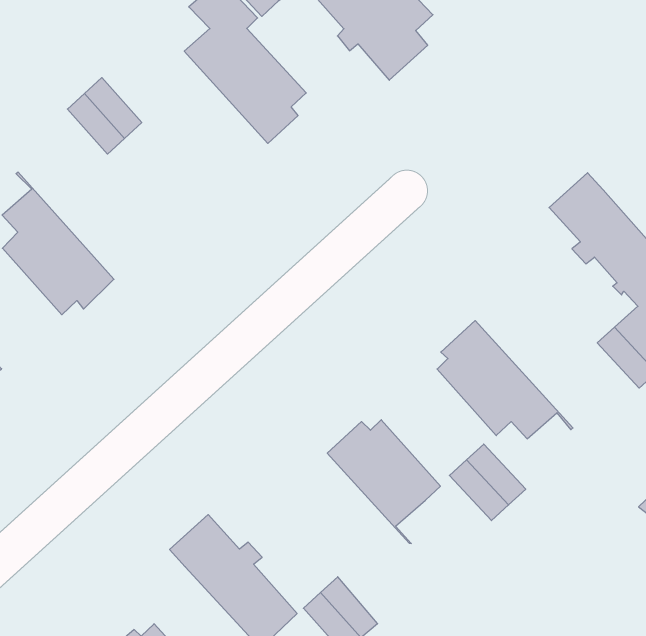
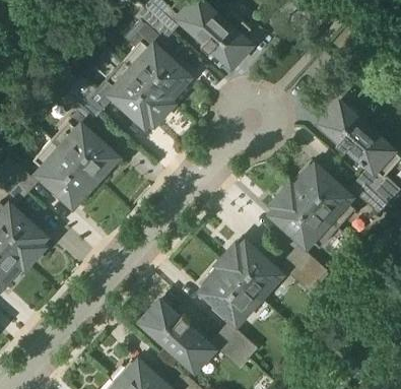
building: none -> [109,54,172,125]
building: none -> [43,125,117,184]
building: none -> [289,166,351,237]
building: none -> [202,263,267,322]

